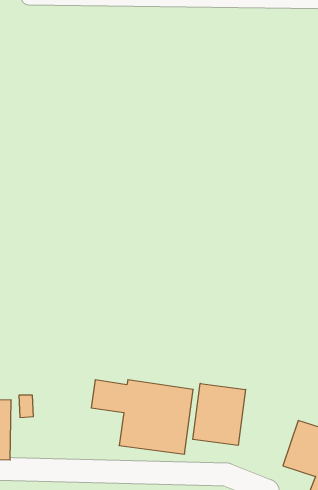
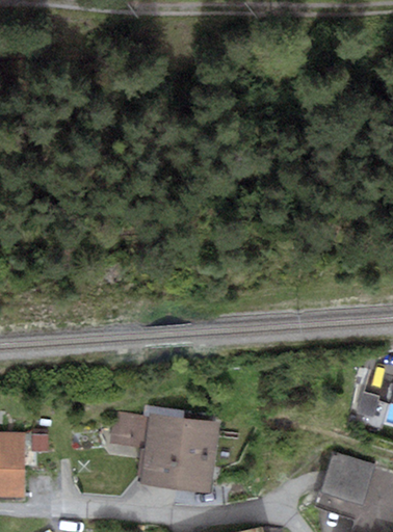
building: [193,383,246,445] -> none

